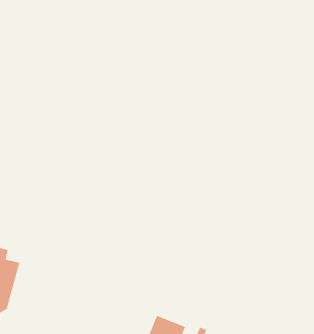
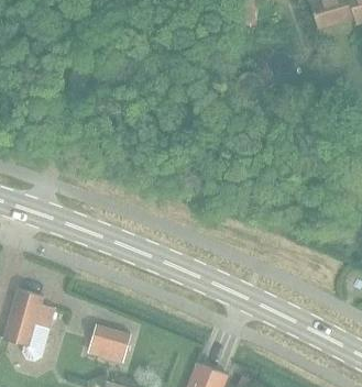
building: none -> [90,324,130,362]

